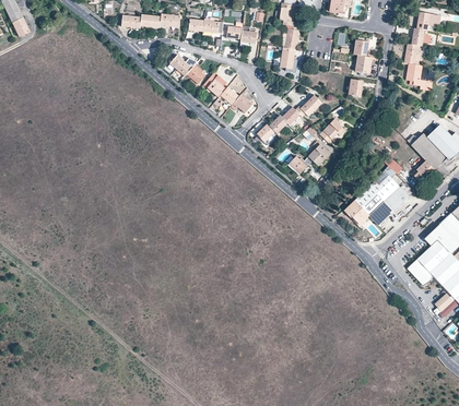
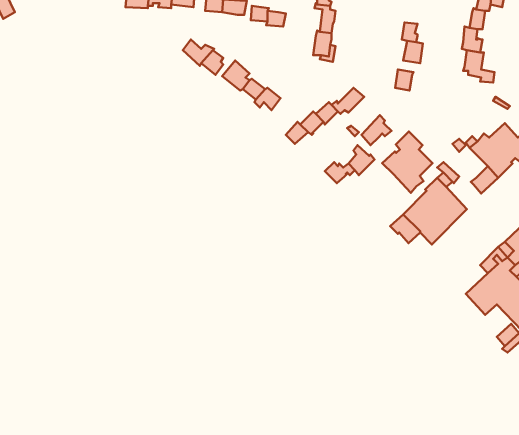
building: none -> [382,132,433,193]

